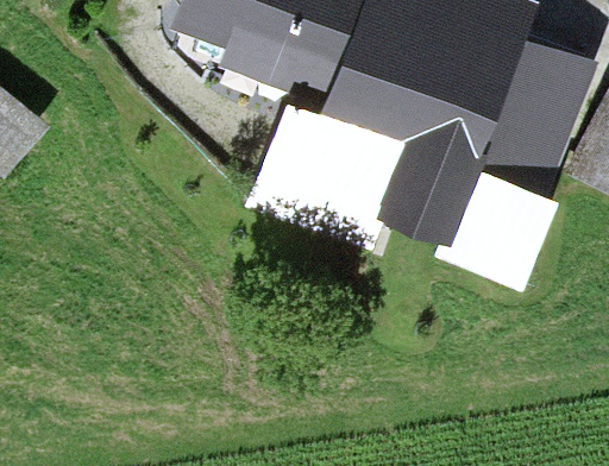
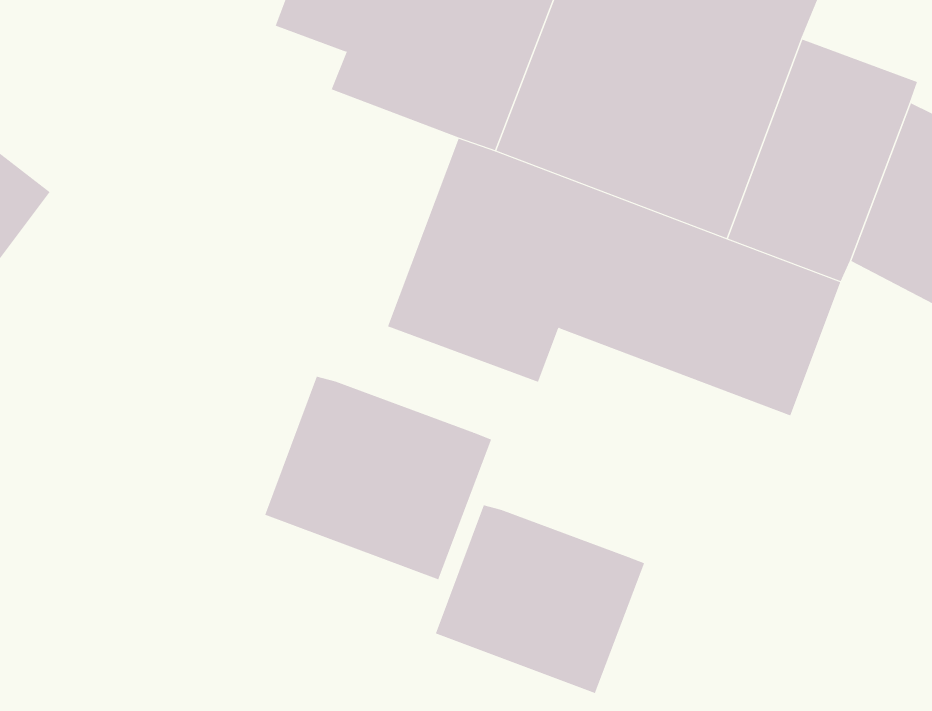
building: none -> [265,376,492,580]
building: none -> [435,505,645,694]

